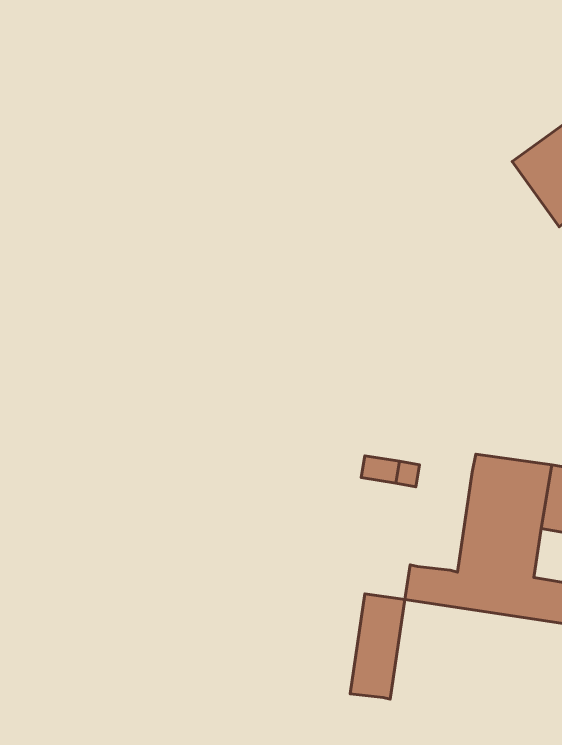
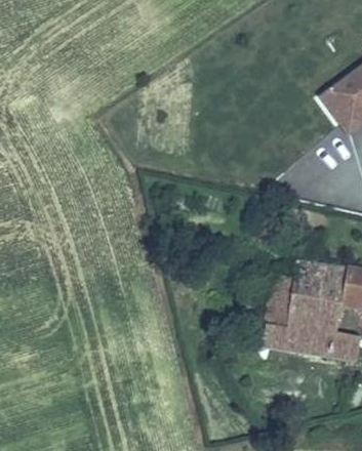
building: [350,594,405,699] -> [269,269,299,328]

